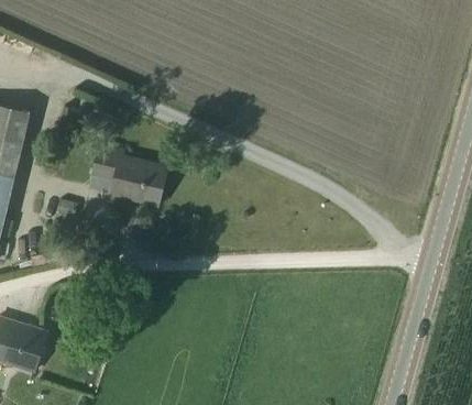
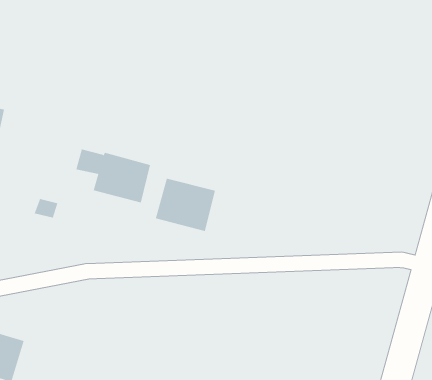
building: none -> [155,178,215,232]

